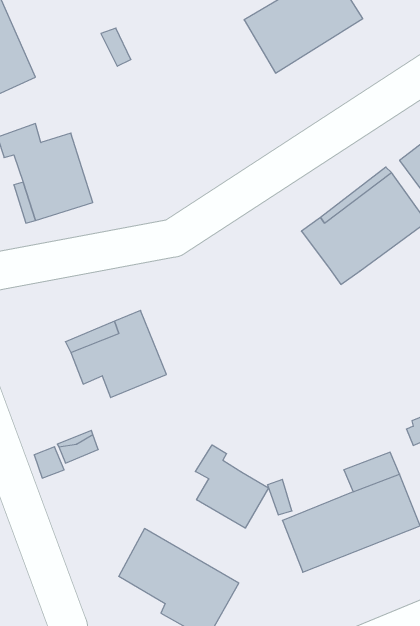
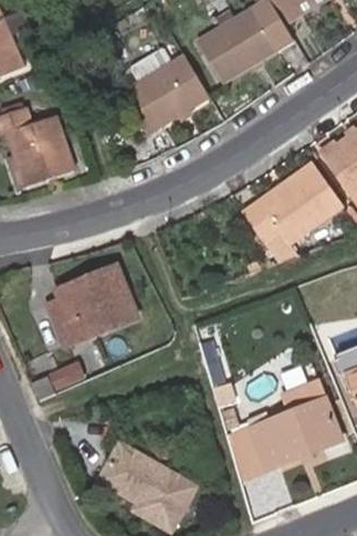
building: none -> [125,44,213,125]
building: none -> [46,299,92,347]
building: [195,445,268,528] -> none

